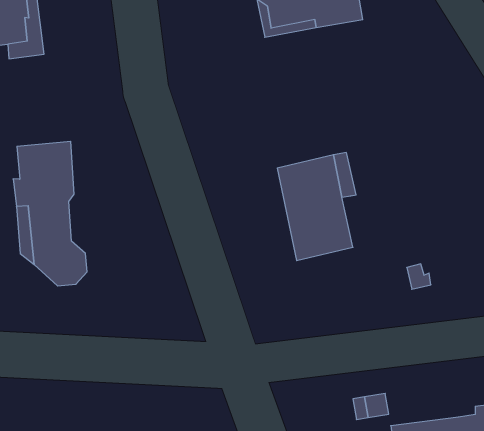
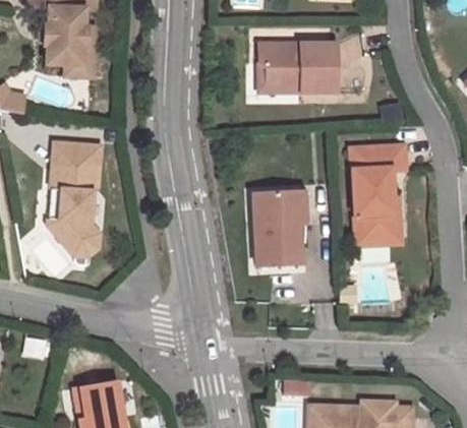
building: none -> [352,144,407,244]

